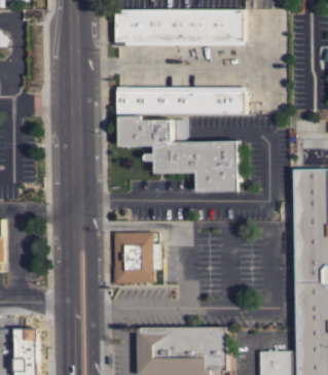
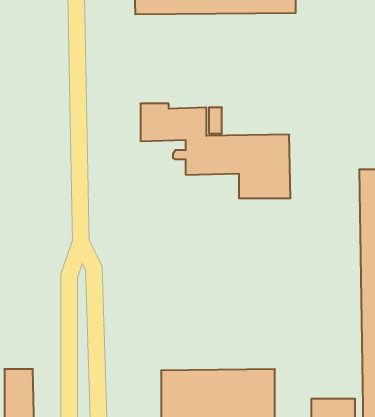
building: [116,88,244,114] -> none
building: [111,232,157,284] -> none

